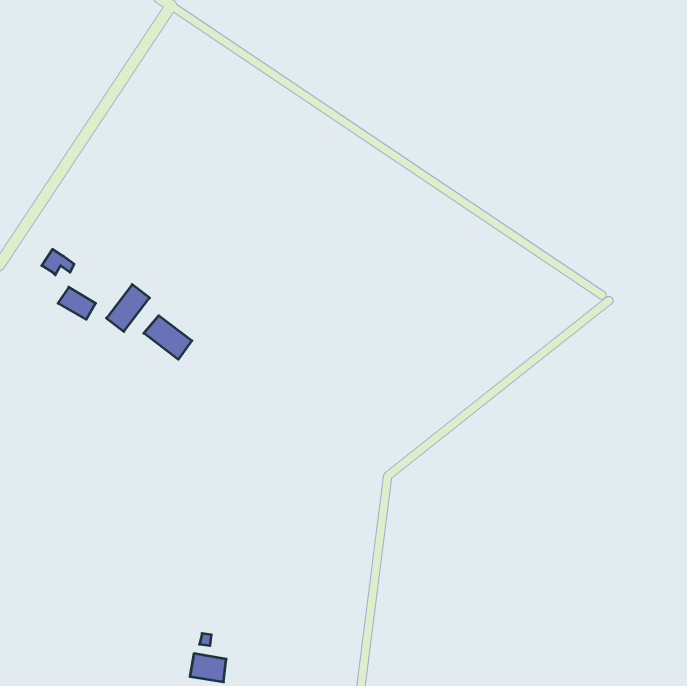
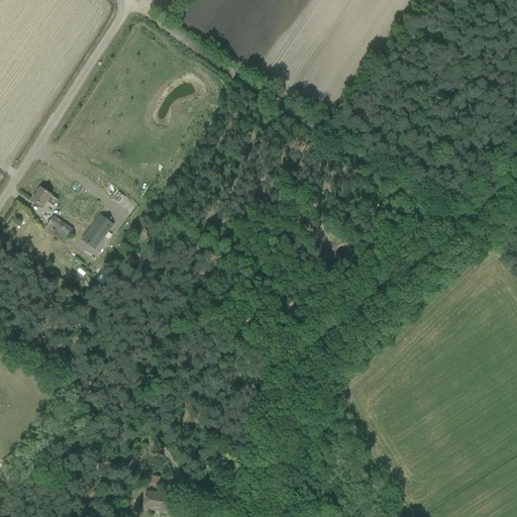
building: [144,316,192,359] -> none

